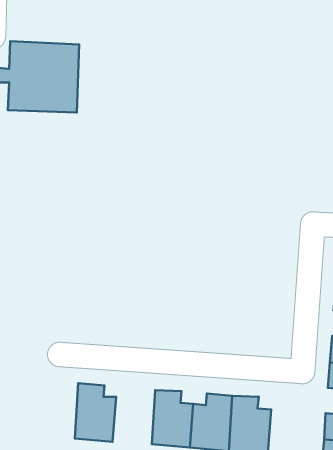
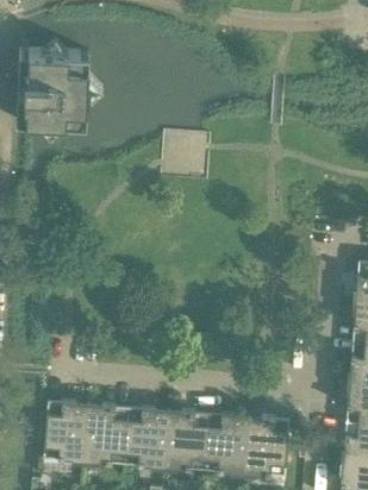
building: none -> [43,403,88,461]
building: none -> [124,409,168,467]

